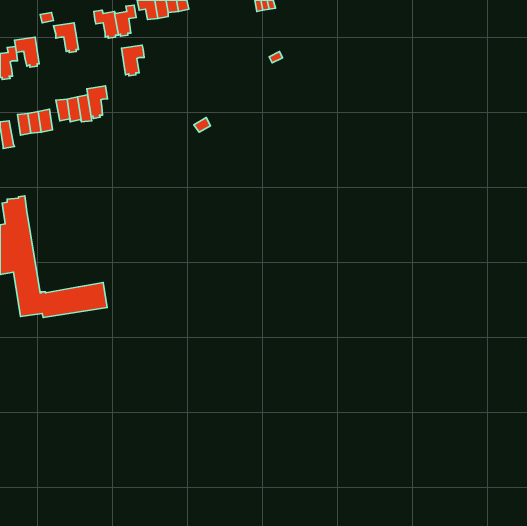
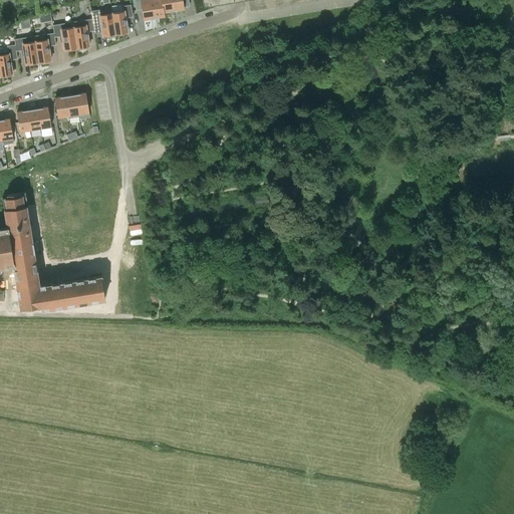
building: none -> [34,34,56,64]
building: [121,45,144,76] -> [72,20,94,50]
building: [87,86,108,118] -> none

